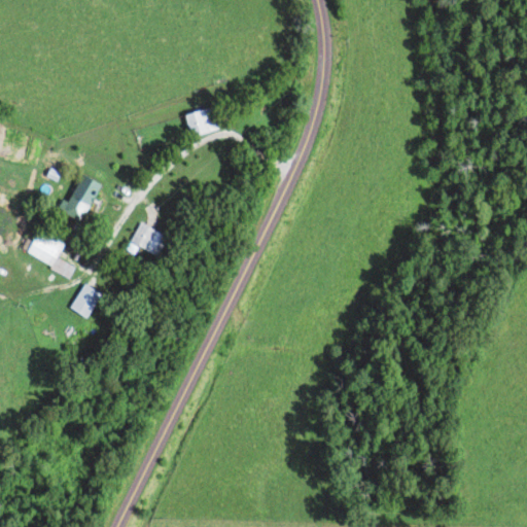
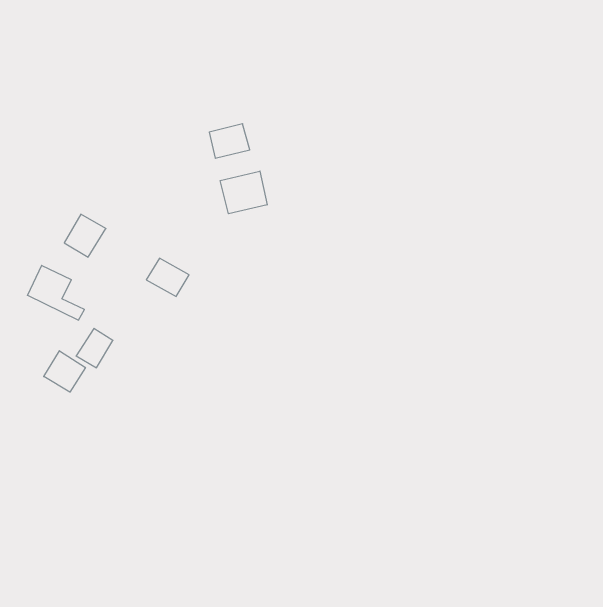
building: none -> [220,171,267,214]
building: none -> [44,351,85,392]

